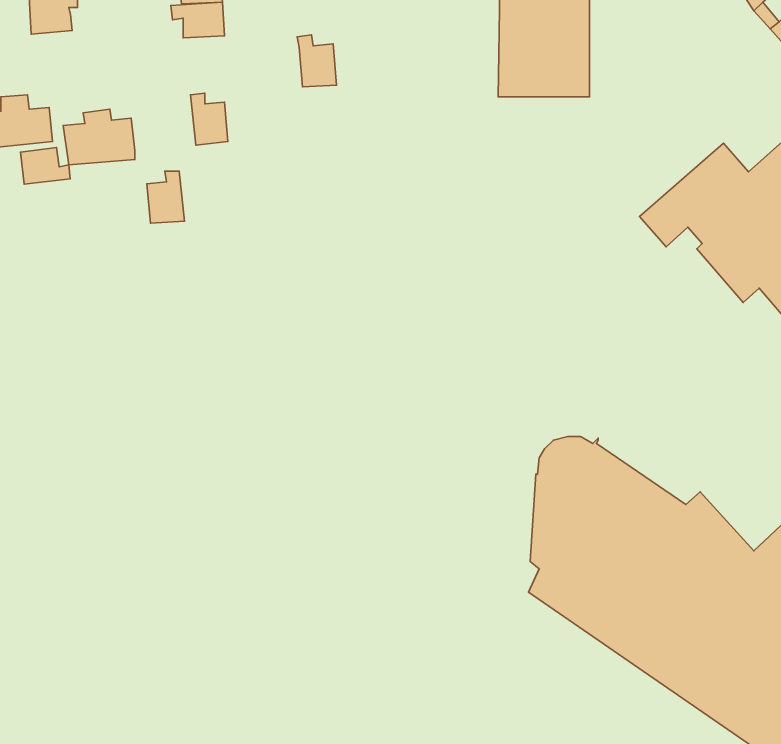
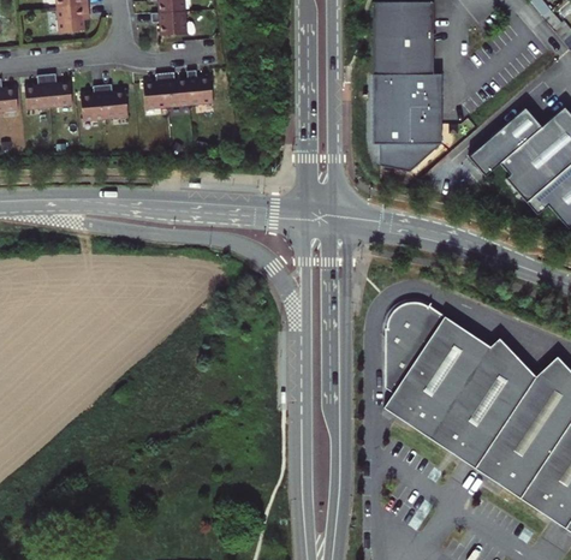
building: [297,35,337,87] -> [186,71,213,106]
building: none -> [371,76,441,167]
building: [21,148,70,184] -> none
building: [147,171,184,223] -> [143,75,168,109]

